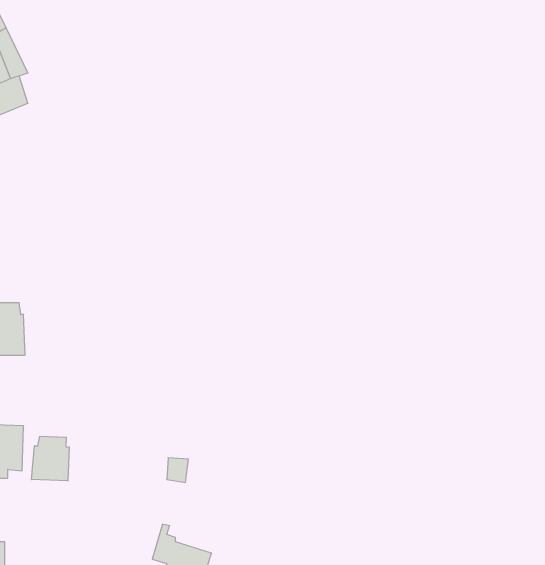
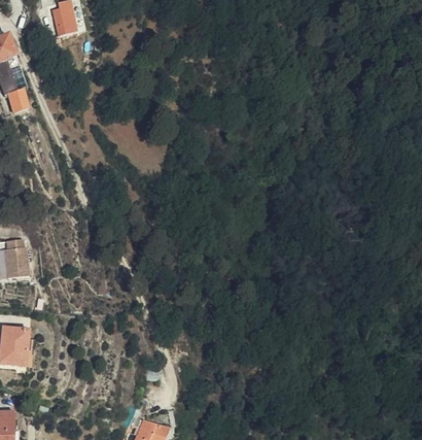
building: [32,436,69,481] -> none

